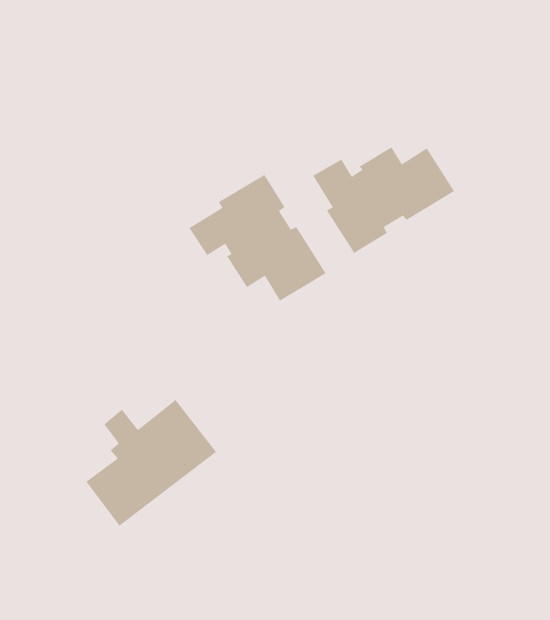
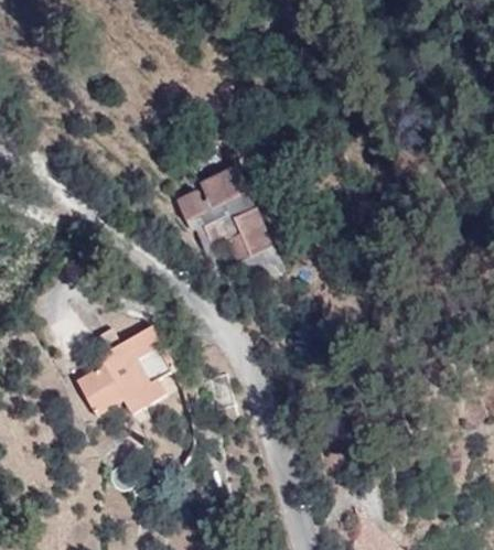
building: [312,146,455,254] -> none

